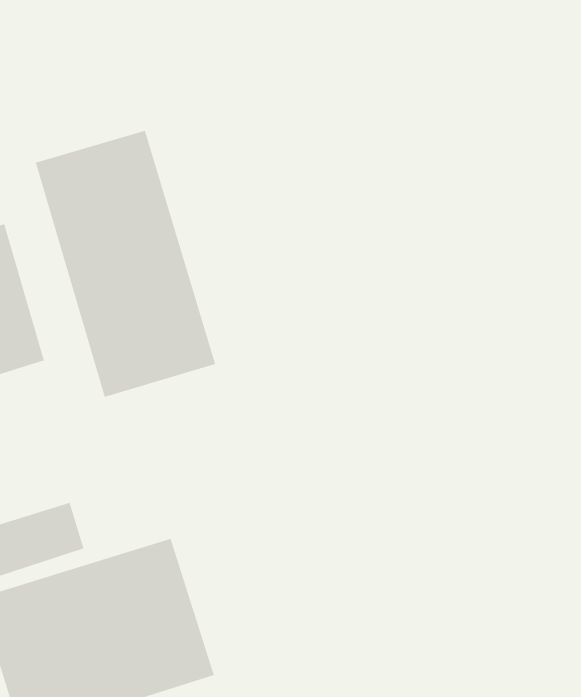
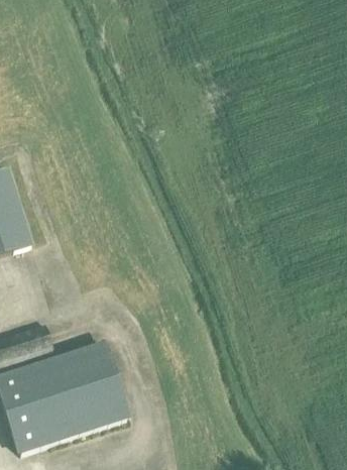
building: [35,130,216,398] -> none

